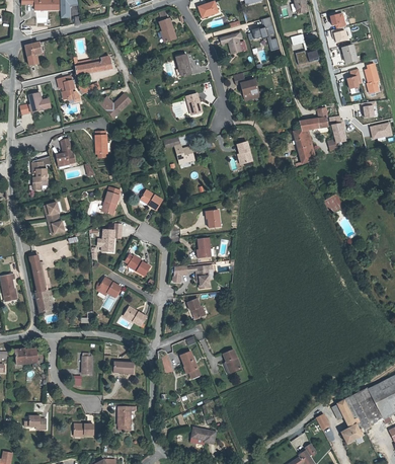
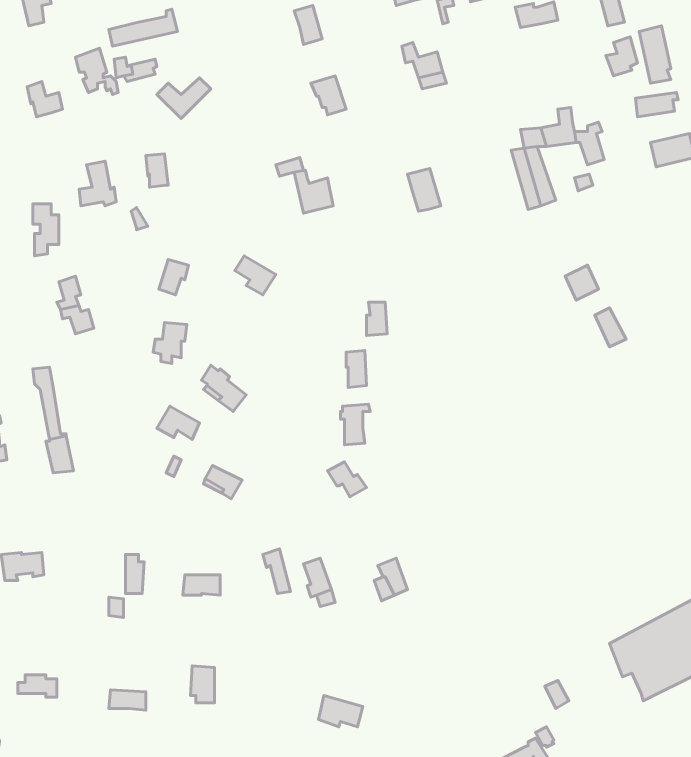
building: [331,400,364,445] -> none

